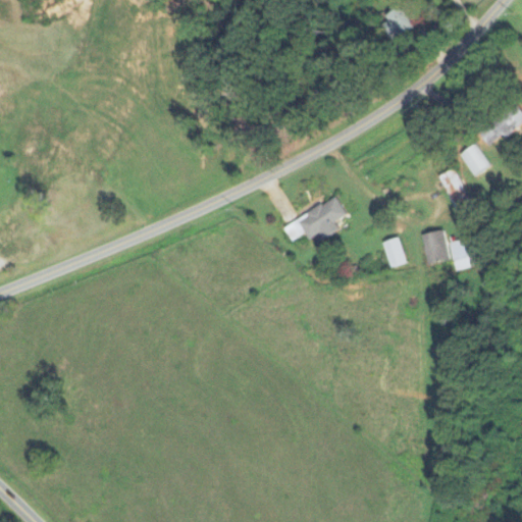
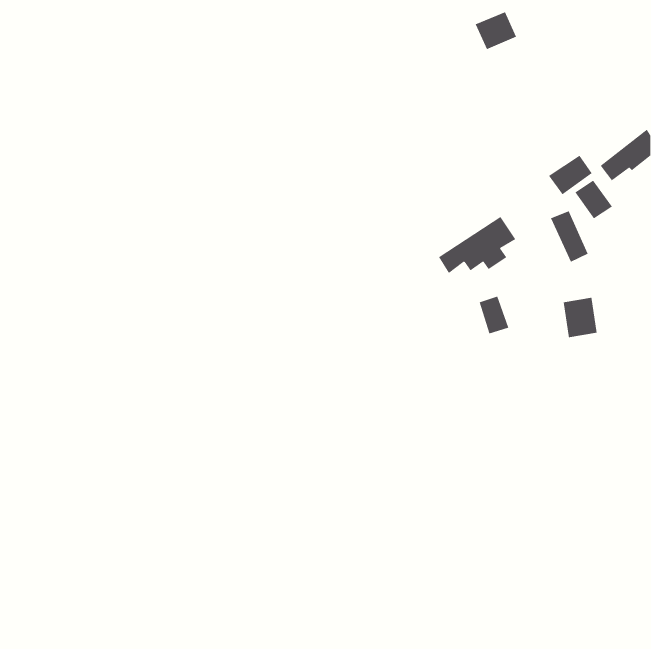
building: none -> [548,155,593,195]
building: [284,196,347,242] -> [438,216,516,274]
building: [421,229,450,264] -> none

